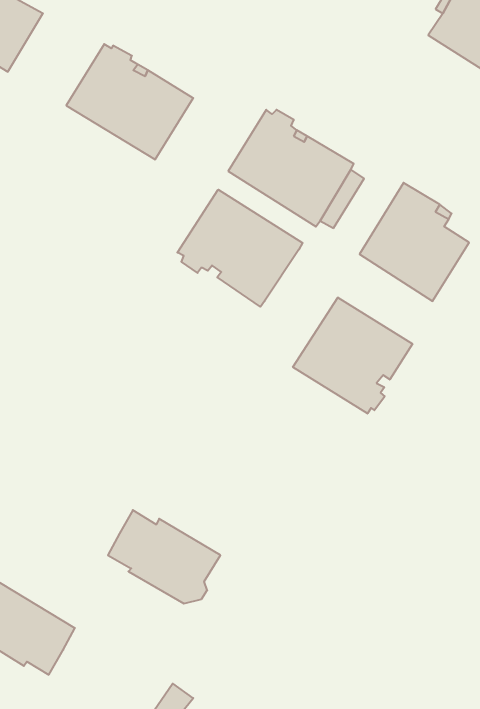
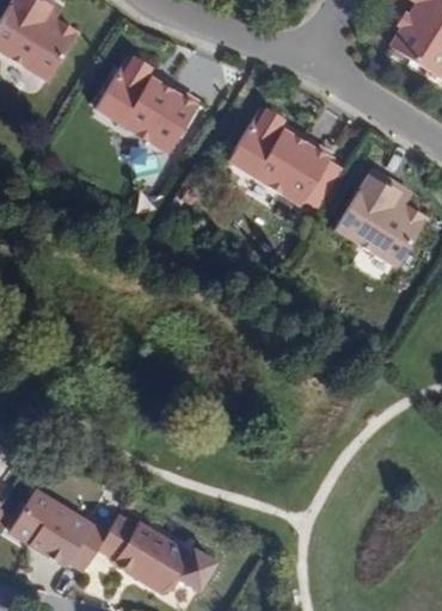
building: [177,190,303,307] -> none
building: [293,297,412,414] -> none
building: [108,510,220,603] -> [94,513,186,590]

